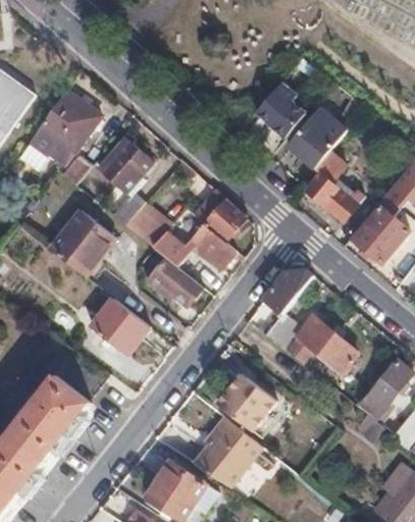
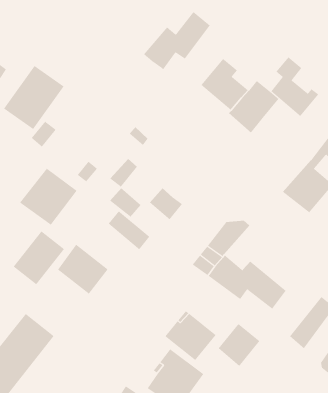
building: none -> [143,11,211,70]
building: [99,138,153,193] -> none
building: [309,152,365,221] -> [270,57,319,117]
building: [202,186,246,243] -> none
building: none -> [13,230,65,285]
building: none -> [218,323,260,367]

